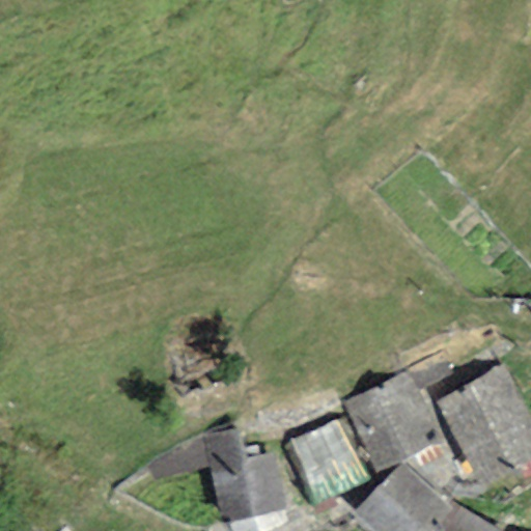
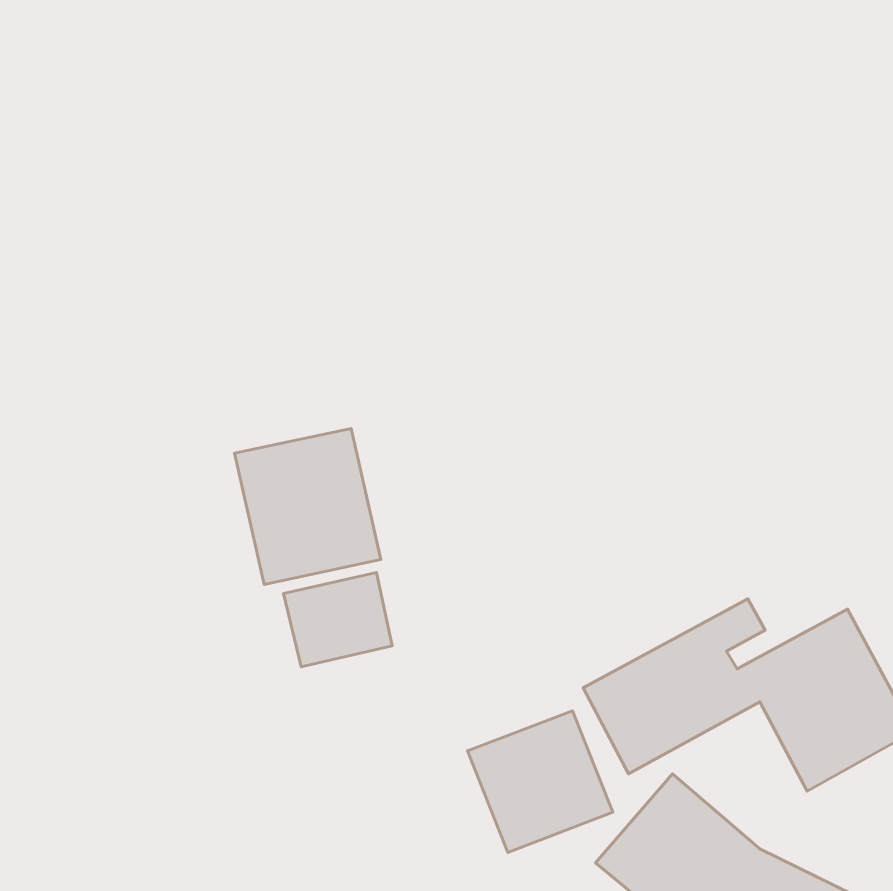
building: none -> [234,428,381,584]
building: [202,432,283,523] -> none

